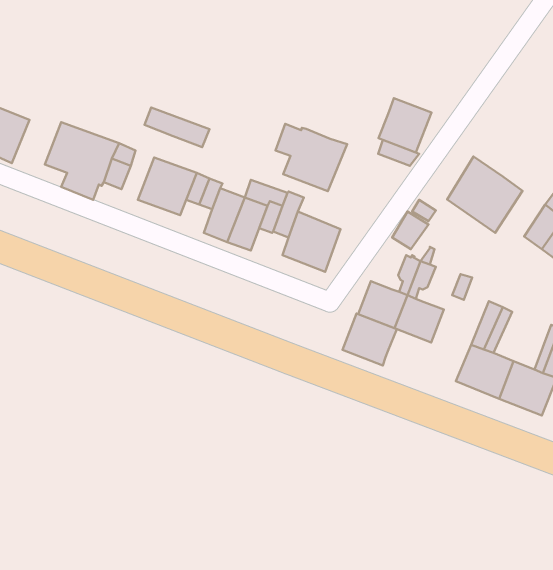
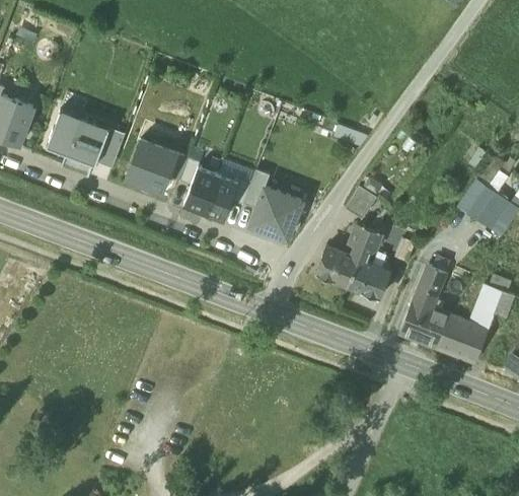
building: [378,98,431,152] -> none
building: [144,107,210,147] -> none
building: [275,124,347,191] -> none
building: [447,156,522,233] -> none
building: [342,314,397,366] -> none

